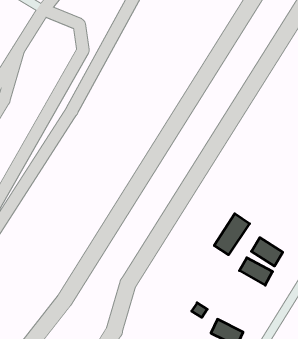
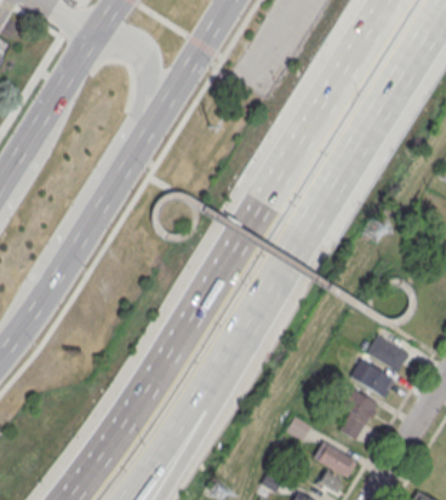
building: [214,214,250,255] -> none
building: none -> [337,391,381,439]

